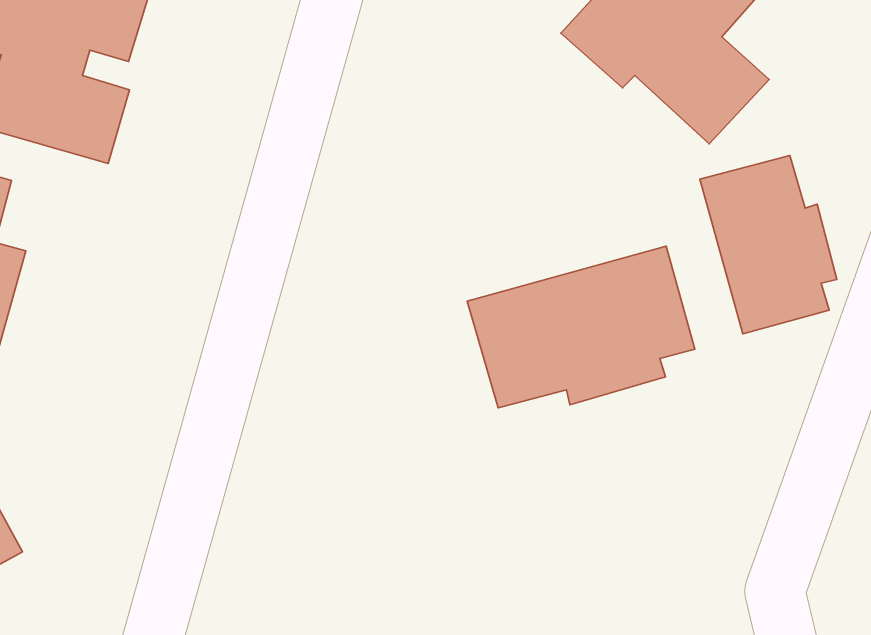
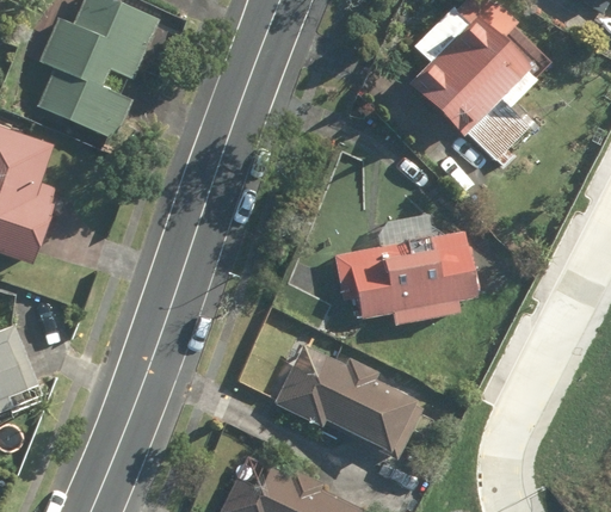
building: [700,156,837,334] -> none
building: none -> [272,341,409,451]

